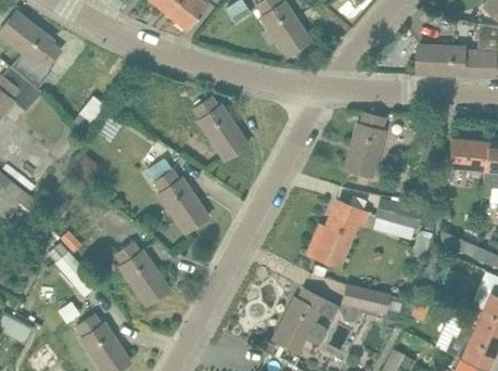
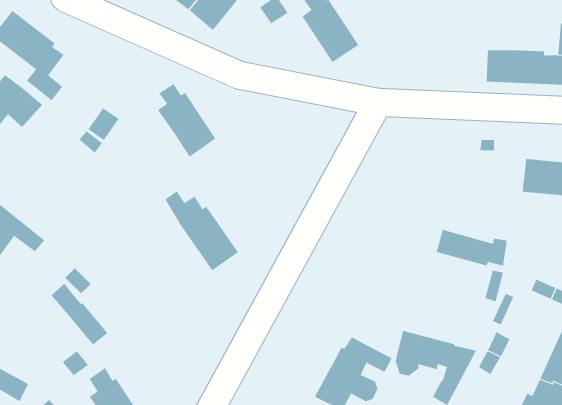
building: [197,98,247,161] -> [157,83,216,158]
building: [345,113,384,177] -> none
building: [308,200,367,266] -> none
building: [114,244,169,306] -> none

